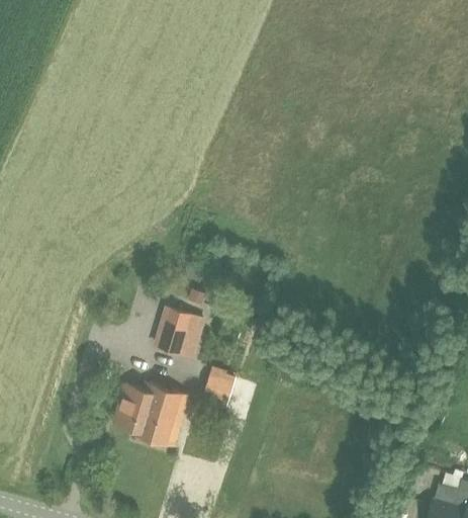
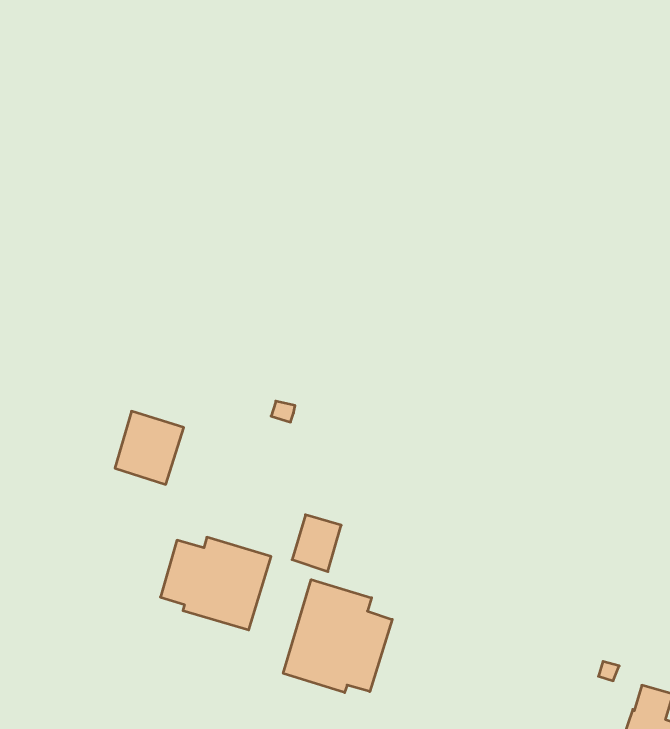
building: [156,308,202,357] -> [115,411,184,484]
building: none -> [283,580,392,693]

